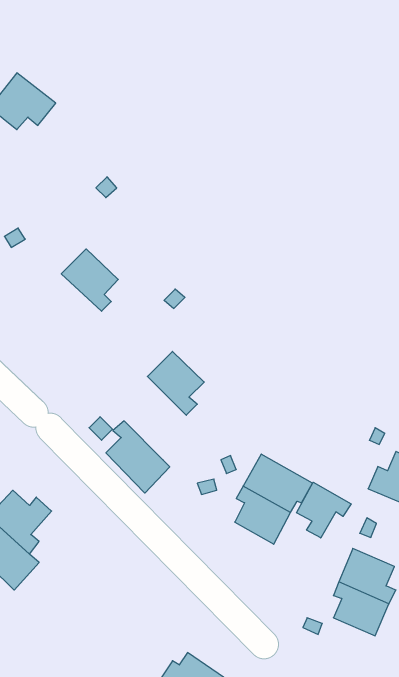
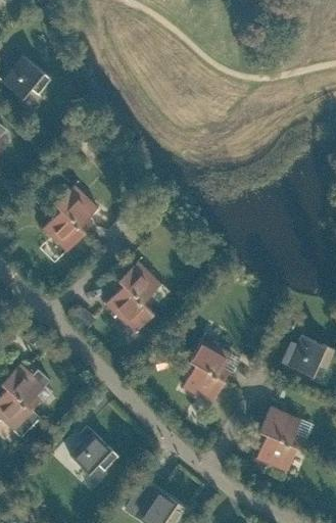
building: none -> [44,205,86,252]
building: [106,421,170,493] -> [106,281,153,334]
building: [297,482,351,538] -> none
building: none -> [69,427,119,474]

